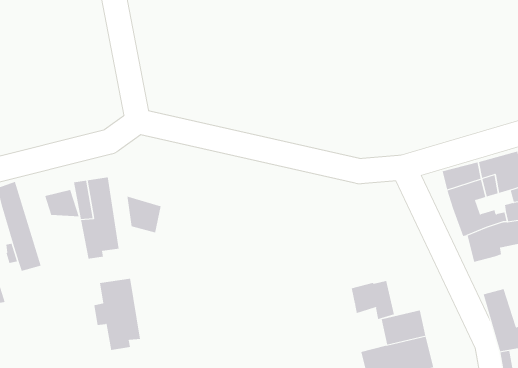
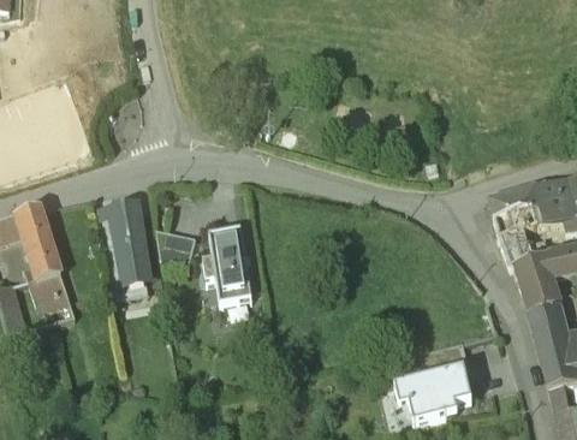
building: [45,189,80,217] -> none
building: none -> [524,287,557,327]
building: [93,278,141,350] -> [201,230,251,307]
building: [351,280,395,320] -> none

